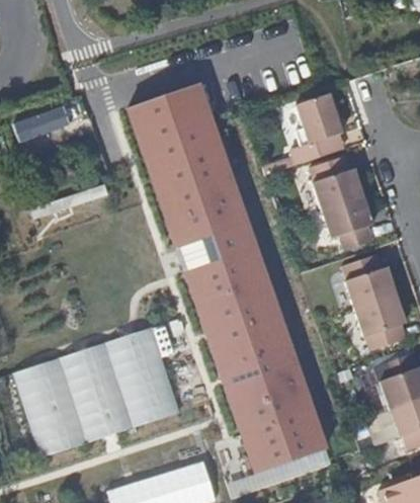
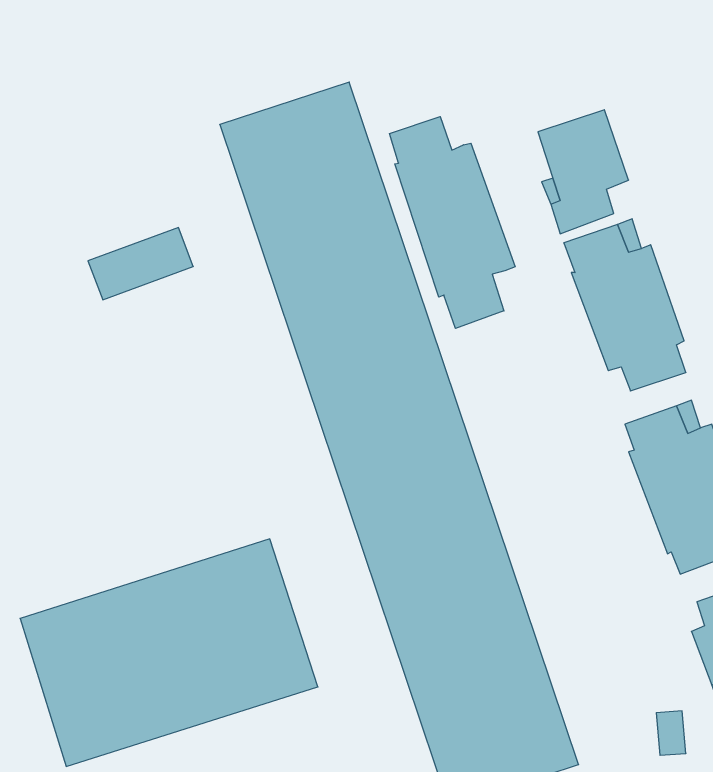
building: none -> [389,117,515,328]
building: [21,103,79,143] -> [88,228,193,300]

